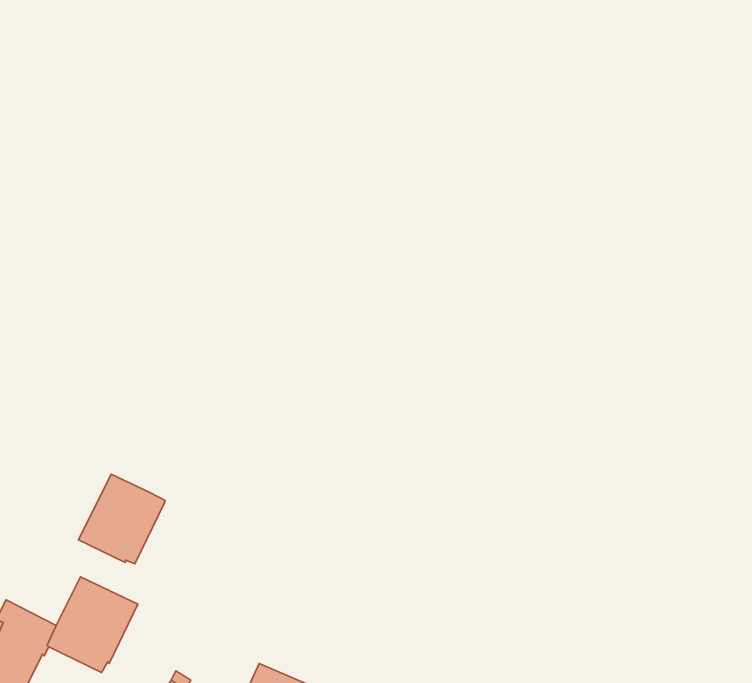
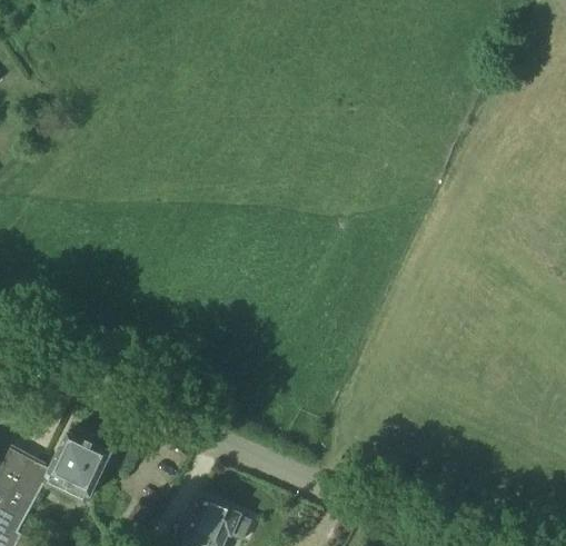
building: [79,474,165,564] -> none

